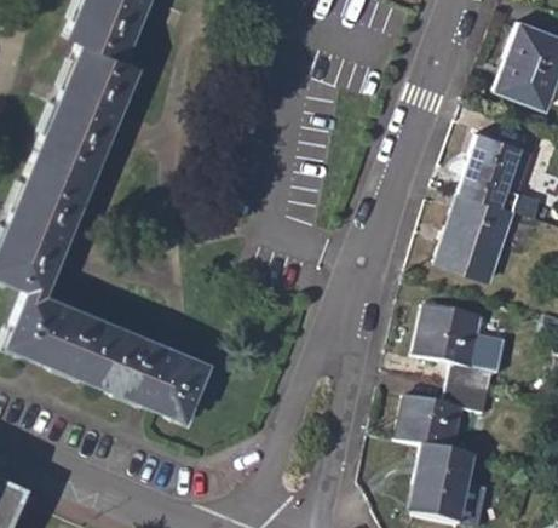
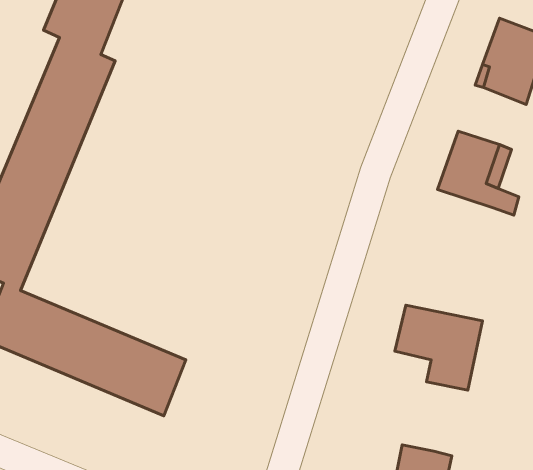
building: [436,194,514,282] -> none
building: [397,385,489,454] -> none

